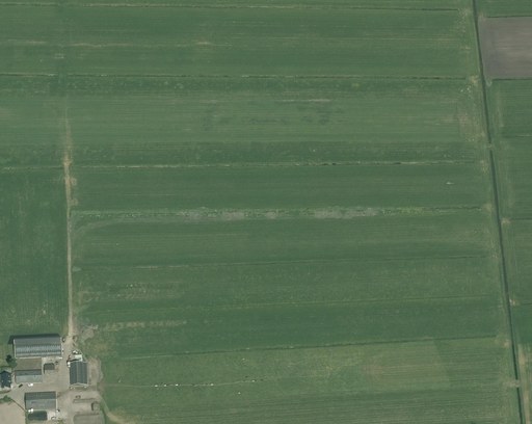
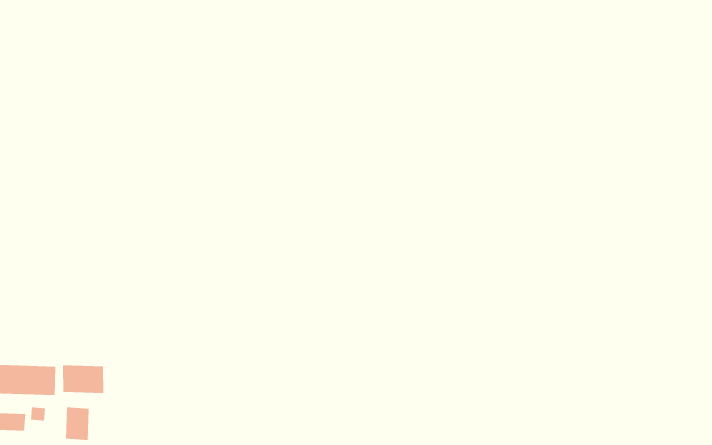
building: none -> [62,364,104,394]

